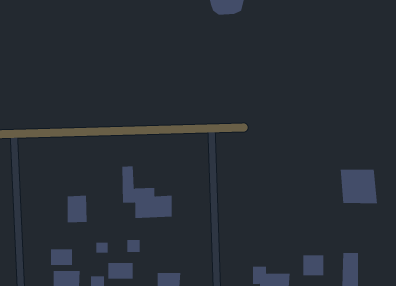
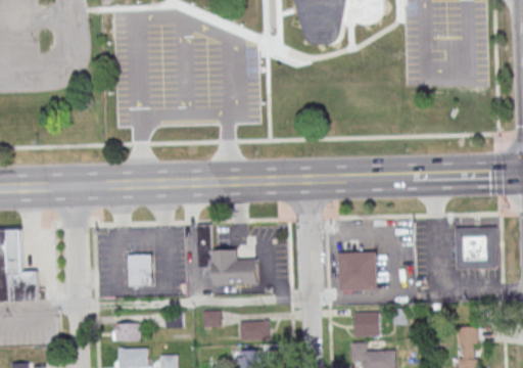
building: none -> [338,252,376,291]
building: [303,255,324,276] -> [353,312,379,336]
building: [108,263,134,279] -> [238,321,269,340]

